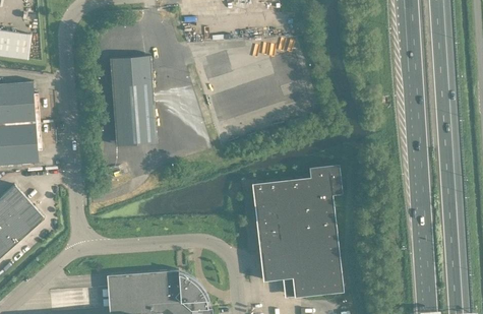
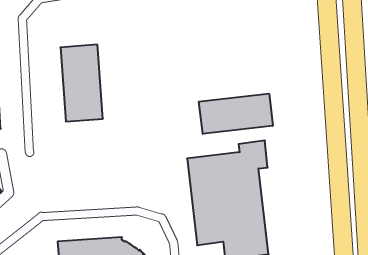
building: none -> [199,94,273,134]

